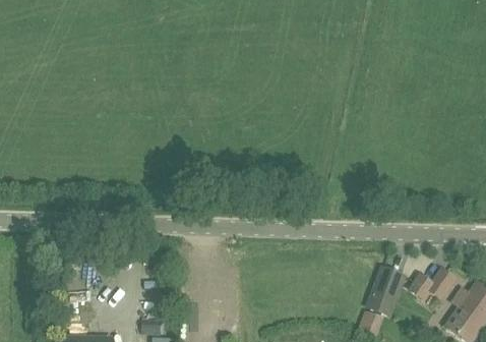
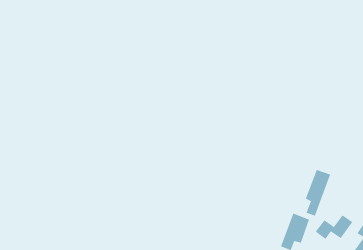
building: none -> [305,169,331,217]

